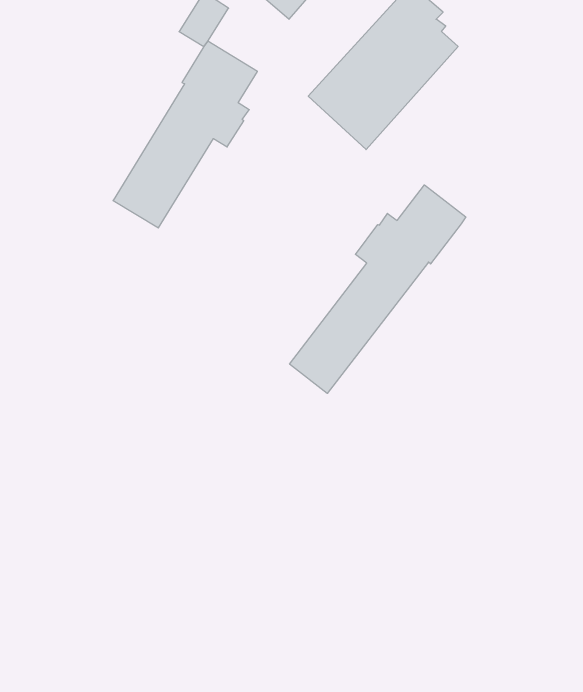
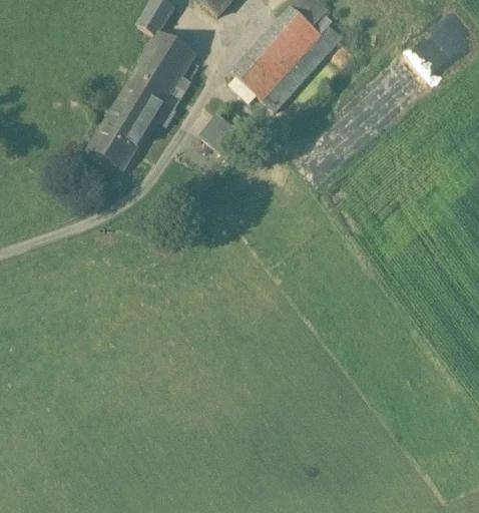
building: none -> [200,114,243,157]
building: [290,185,466,393] -> none

